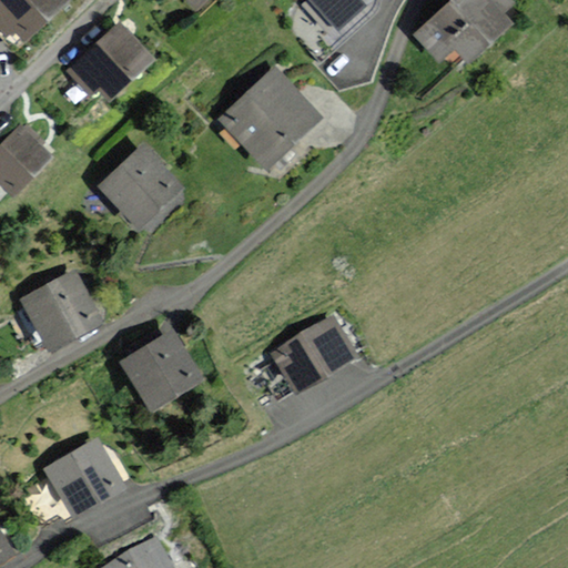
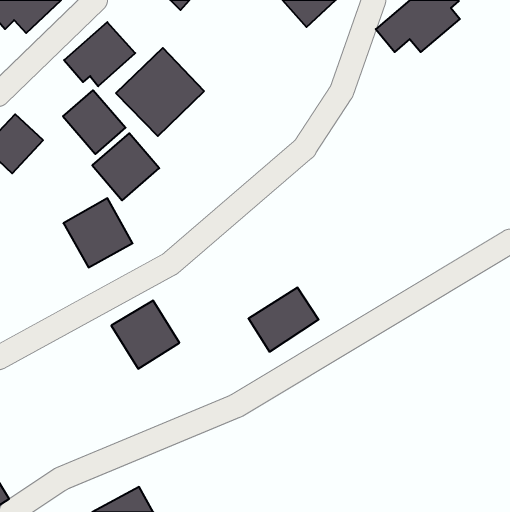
building: [222,68,320,165] -> [116,48,204,136]
building: none -> [63,90,126,154]
building: [23,272,100,348] -> [63,198,133,267]
building: [48,440,121,513] -> none

